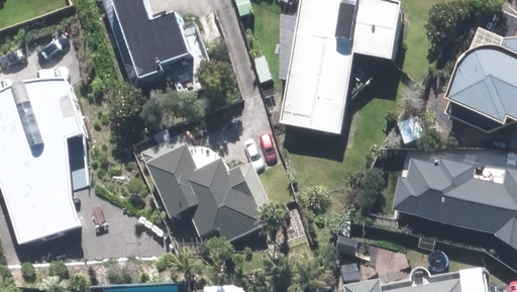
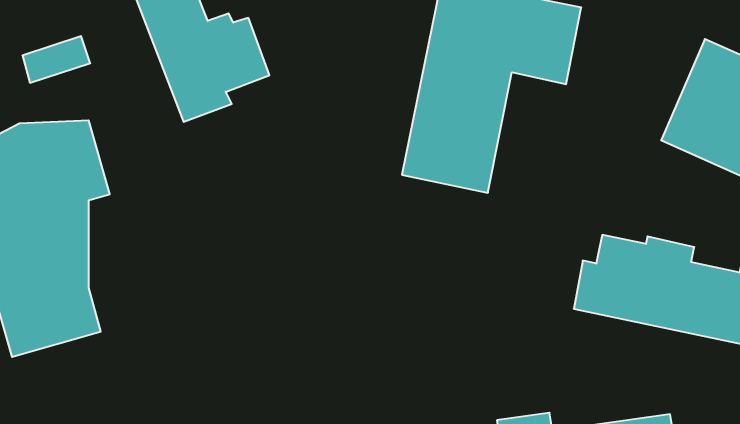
building: [142,135,271,241] -> none

